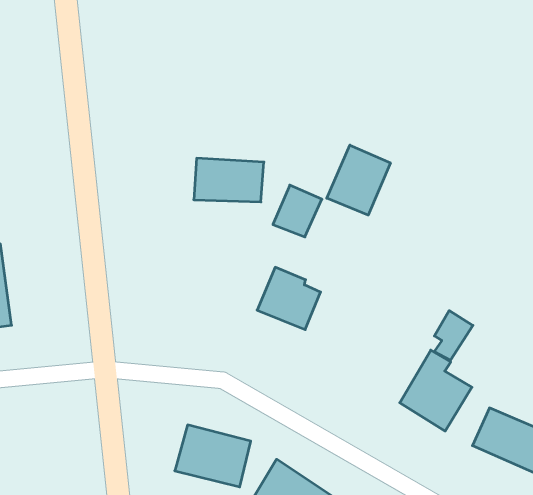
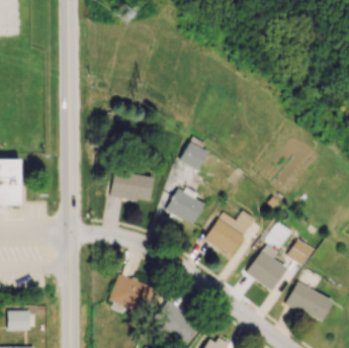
building: [327,145,390,215] -> none
building: [194,158,264,202] -> [110,172,154,201]
building: none -> [204,210,255,256]
building: none -> [286,239,313,265]

